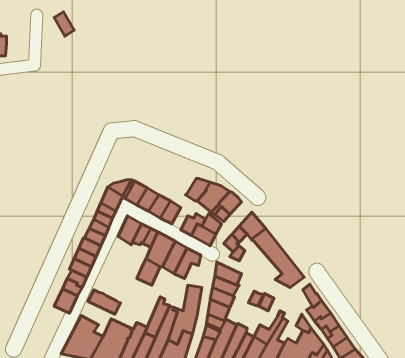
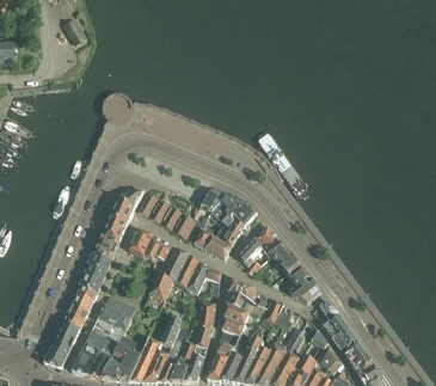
building: none -> [92,317,127,353]
building: none -> [44,321,80,367]

